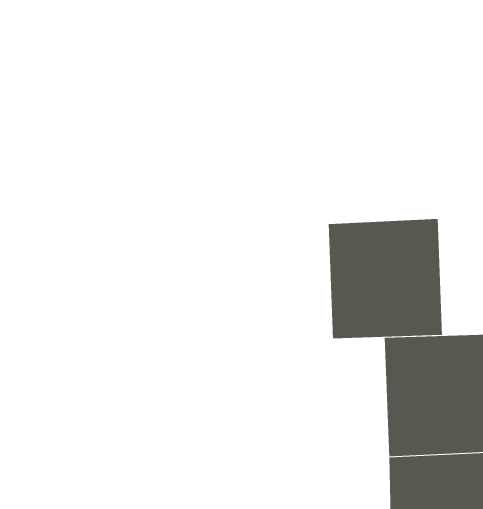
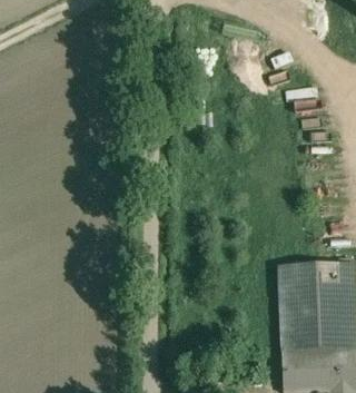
building: [328,218,443,339] -> none

